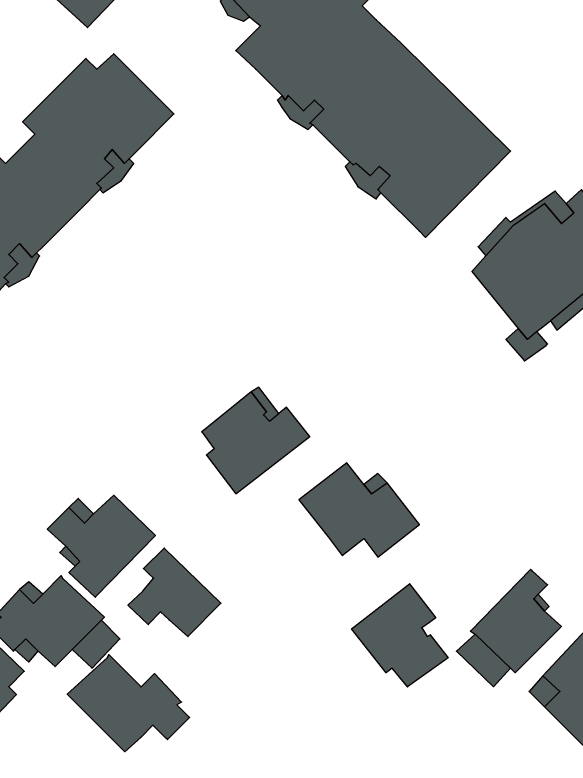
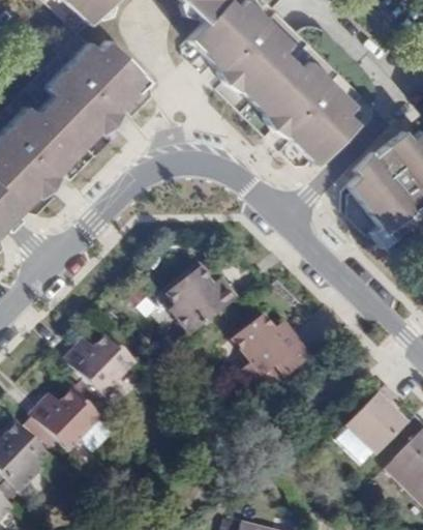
building: [128,548,221,637] -> none
building: [352,584,448,687] -> none
building: [67,655,190,752] -> none

